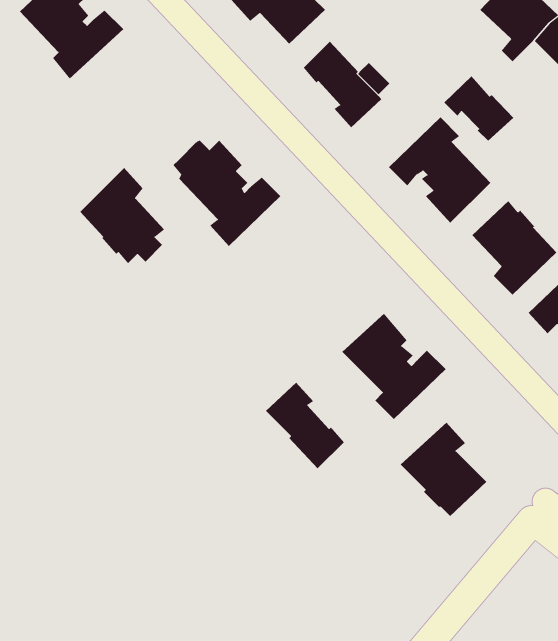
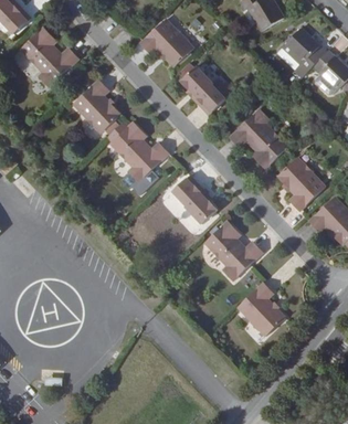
building: [443,75,514,142] -> none
building: [79,167,165,264] -> [73,78,122,134]
building: [265,382,345,469] -> [172,174,218,224]

